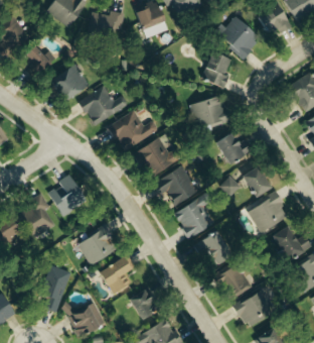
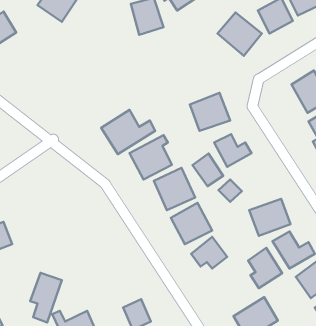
building: [89,11,125,38] -> none
building: [19,46,55,77] -> none
building: [201,52,232,87] -> none
building: [49,64,90,102] -> none
building: [78,85,128,127] -> none
building: [242,166,271,198] -> [193,153,223,186]
building: [49,175,86,217] -> none
building: [21,194,55,237] -> none
building: [76,225,114,266] -> none
building: [99,256,132,295] -> none
building: [219,263,252,302] -> [248,248,282,288]

